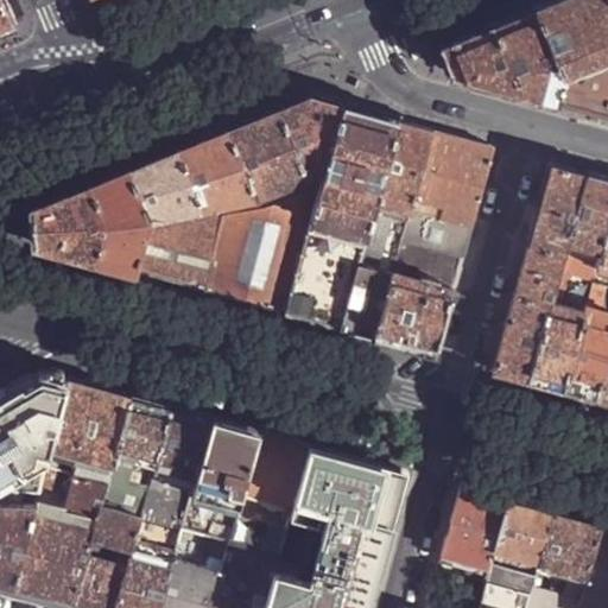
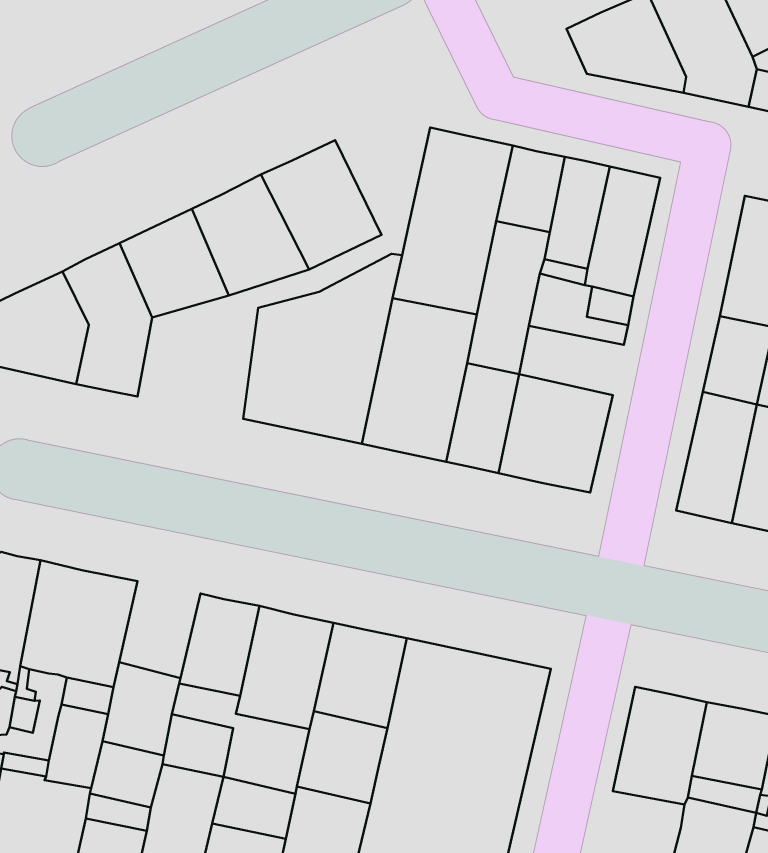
building: [280,100,344,178] -> none
building: [138,222,222,296] -> none
building: [394,245,466,294] -> none
building: [115,400,172,467] -> none
building: [180,493,240,549] -> none

